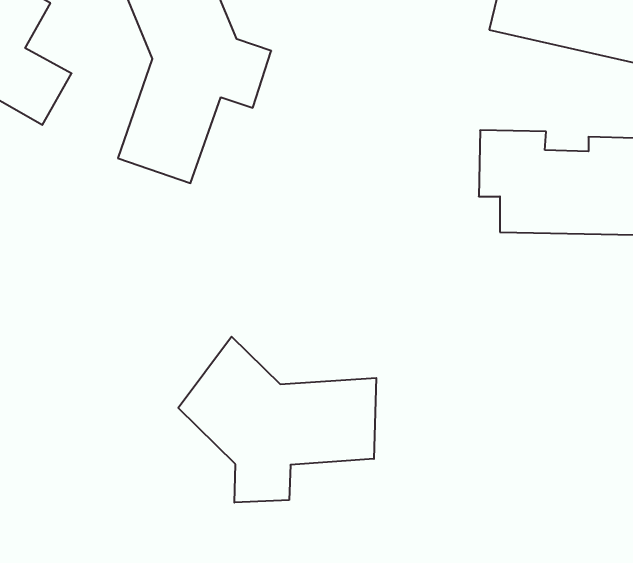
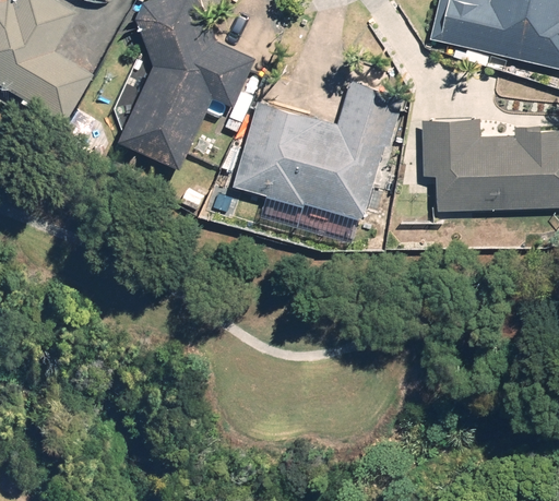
building: none -> [234,81,402,222]
building: [178,337,376,503] -> none

